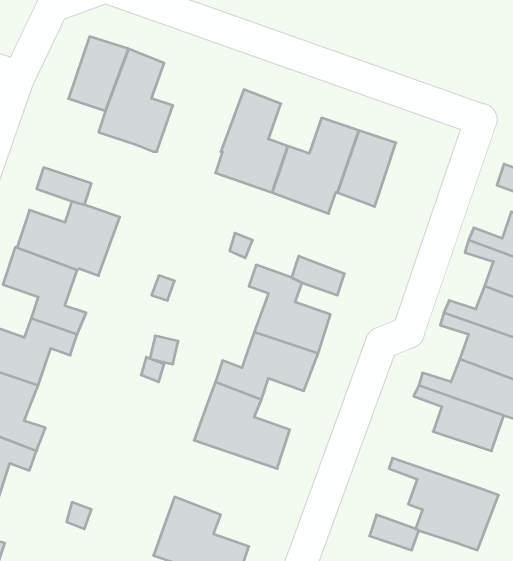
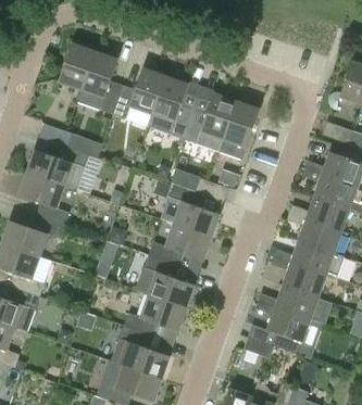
building: none -> [113,68,166,118]
building: none -> [258,286,319,320]
building: none -> [124,295,187,337]

